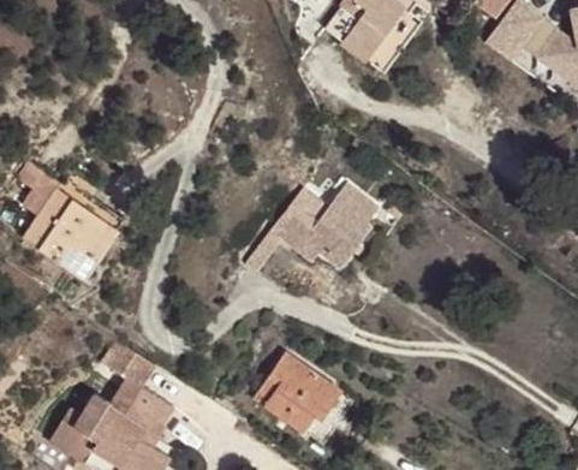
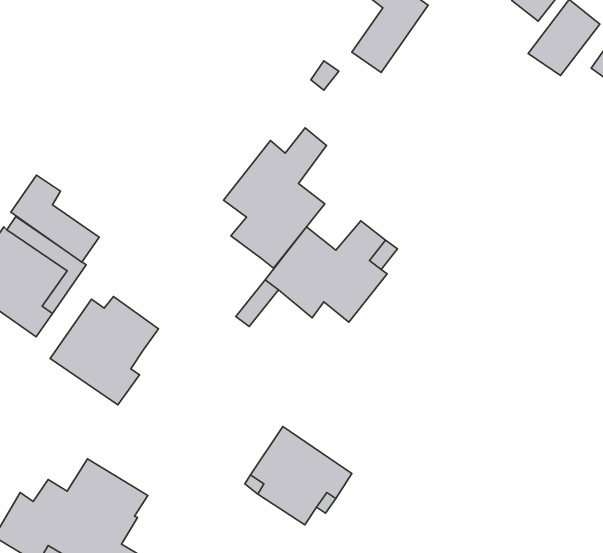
building: none -> [224,128,327,268]
building: none -> [11,175,99,262]
building: none -> [50,297,158,405]

